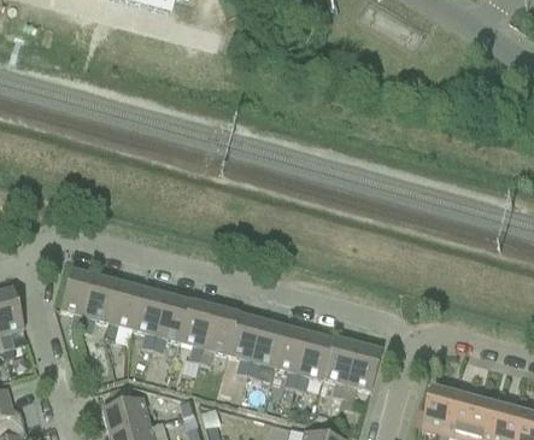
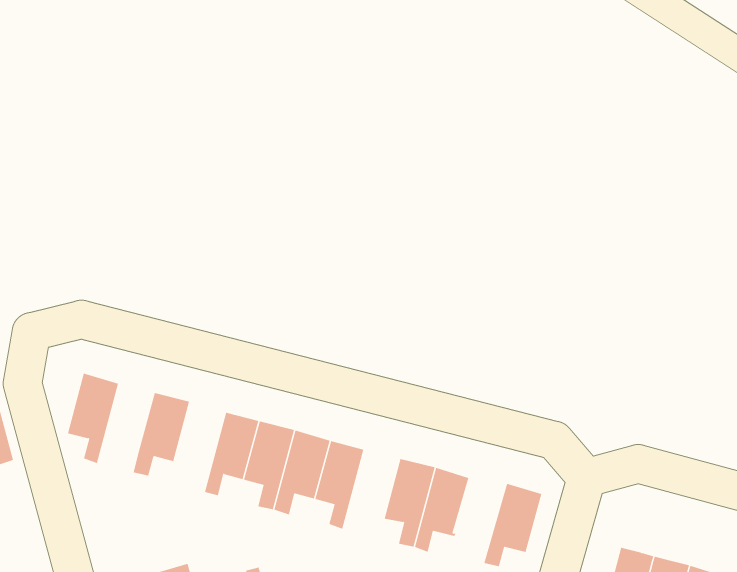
building: [80,274,118,330] -> none
building: [131,286,166,347] -> none
building: [246,318,284,379] -> none
building: [321,335,357,395] -> none

